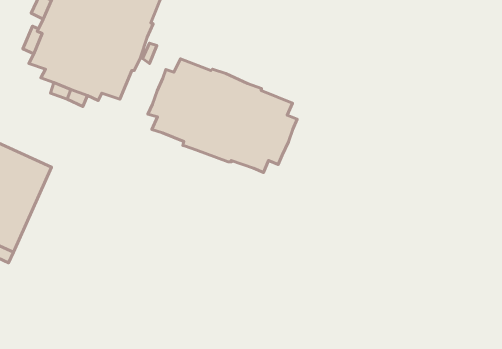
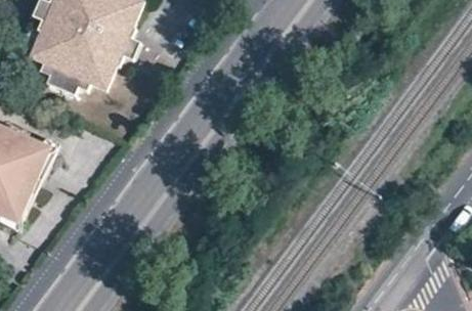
building: [148,59,297,172] -> none

